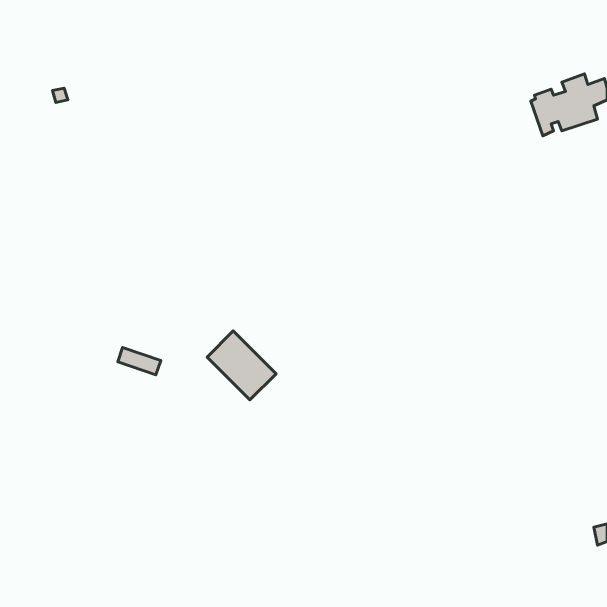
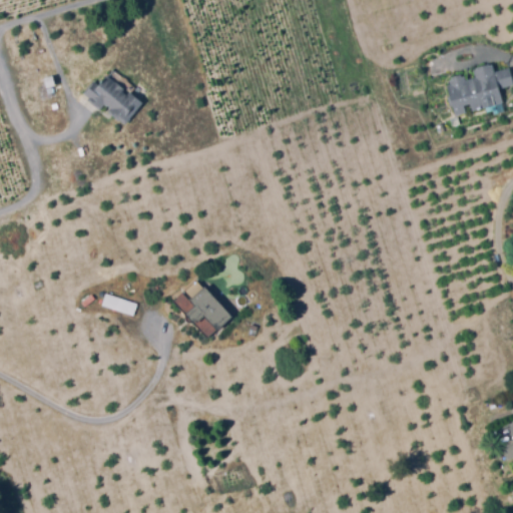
building: none -> [85,75,142,124]

